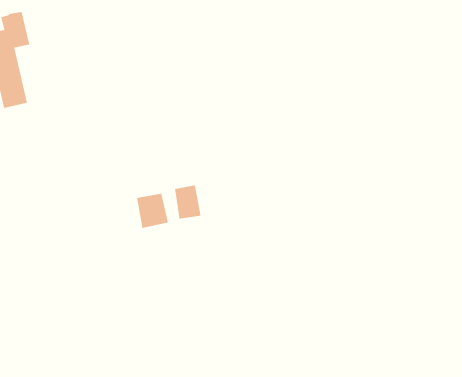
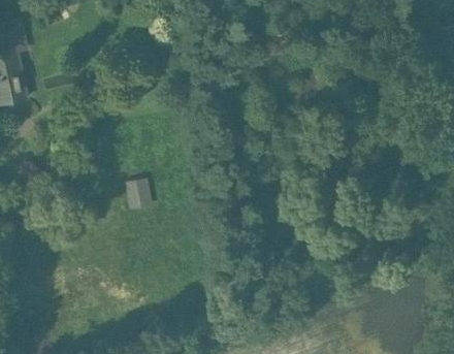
building: [174,185,201,220] -> none

